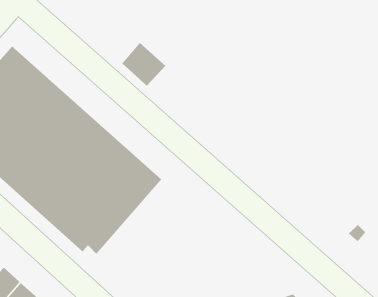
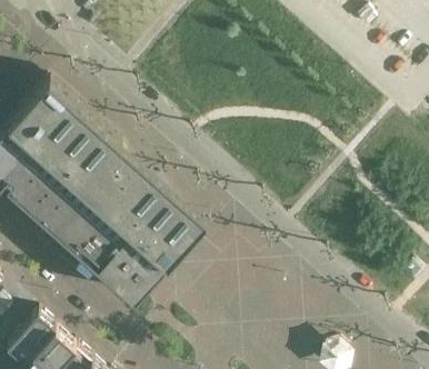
building: [122,42,166,86] -> none

